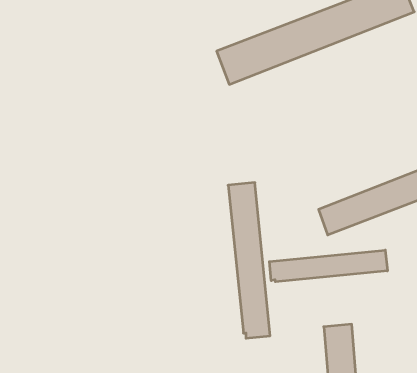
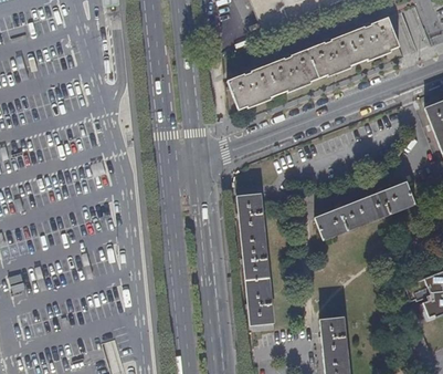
building: [269,250,387,282] -> none

